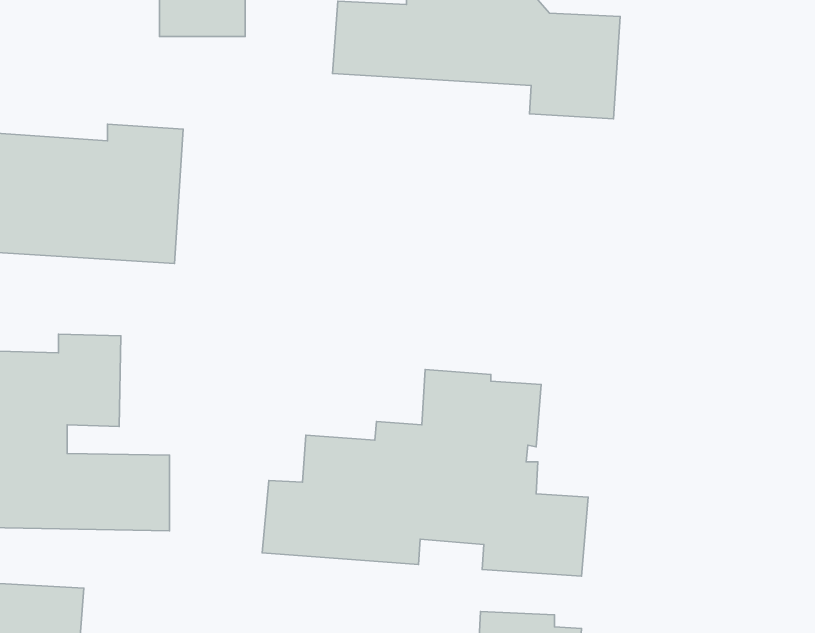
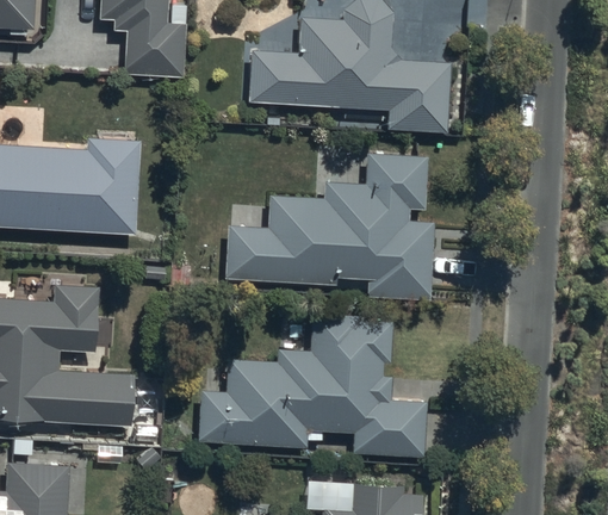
building: none -> [225,154,435,299]

